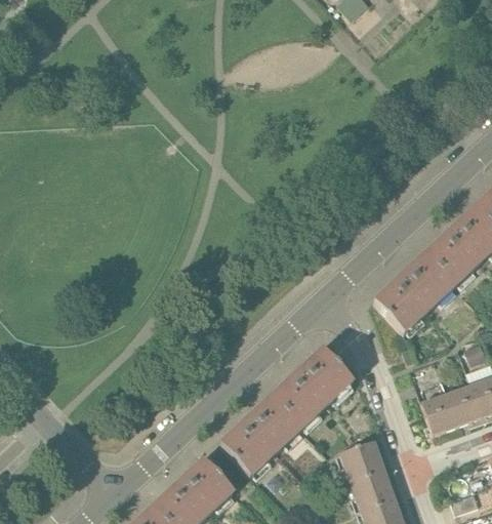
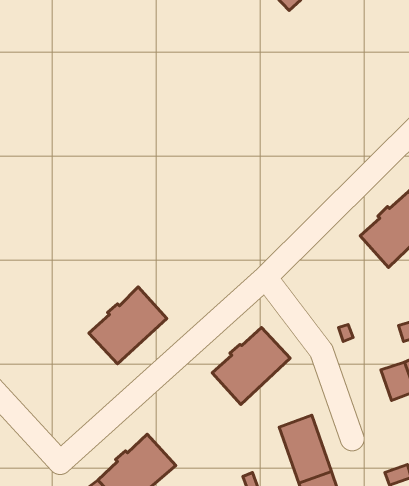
building: [373,253,454,333] -> none
building: [421,393,457,434] -> none
building: [219,396,300,476] -> [89,287,167,364]

